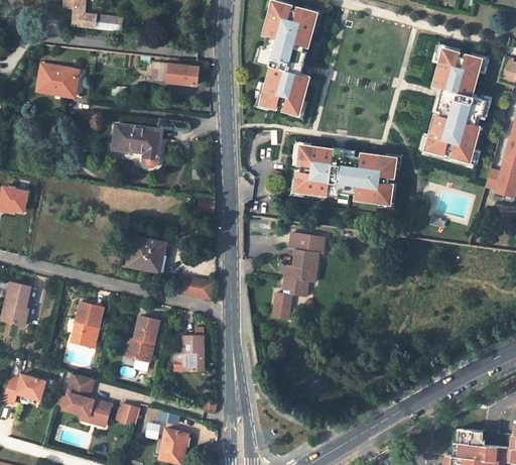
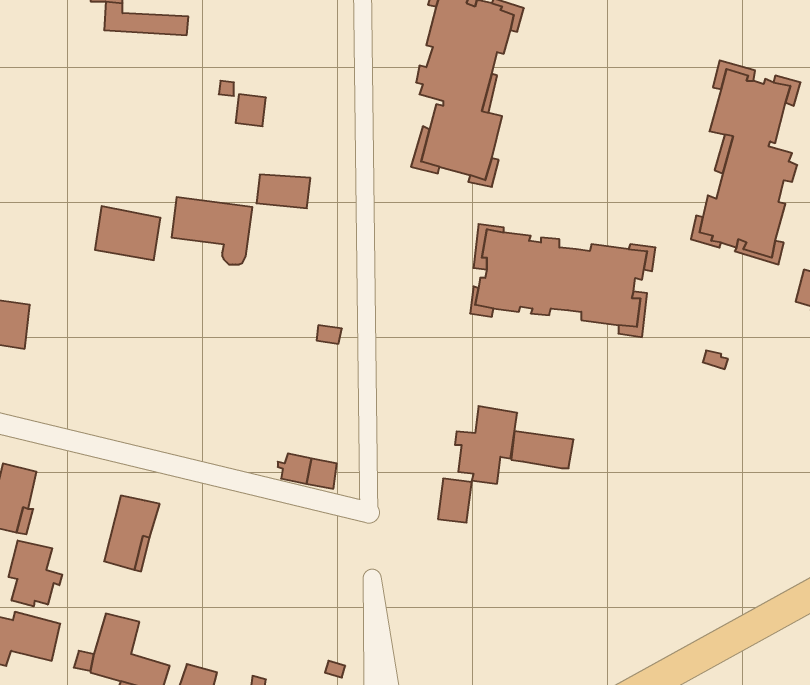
building: [37,65,77,97] -> [95,206,161,260]
building: [166,65,199,85] -> [256,175,310,208]
building: [288,231,326,253] -> [511,431,574,468]
building: [126,237,165,271] -> none
building: [128,316,158,361] -> none
building: [174,329,203,371] -> none
building: none -> [9,540,62,606]

